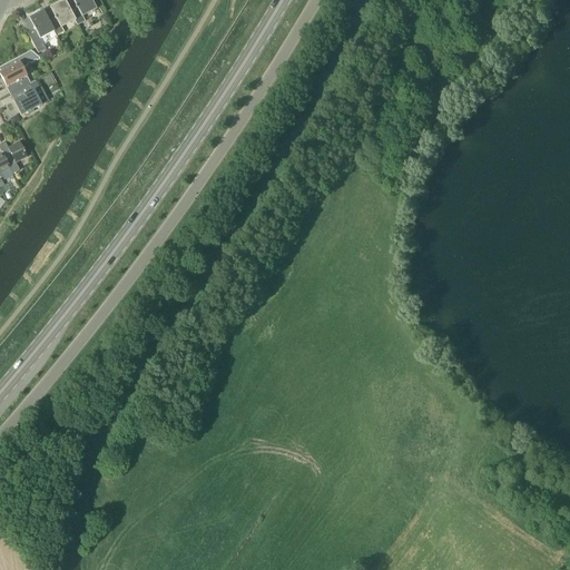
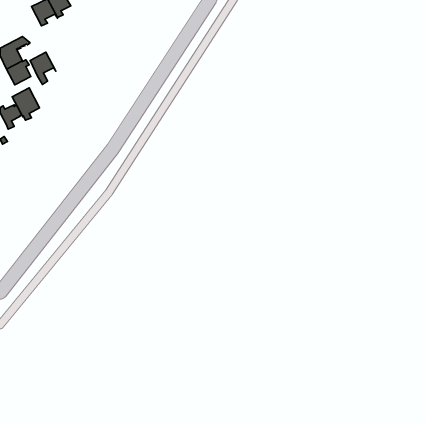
building: [21,9,56,52] -> [30,52,56,85]
building: none -> [12,88,40,120]

